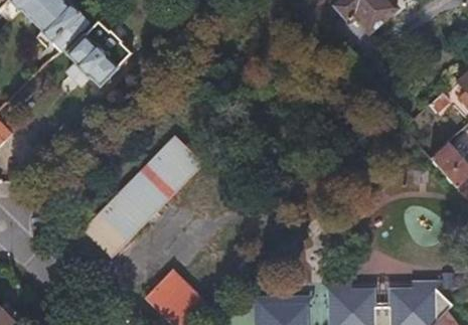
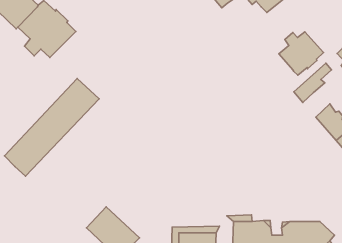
building: none -> [279,32,324,75]
building: [85,136,201,257] -> [4,78,99,176]

